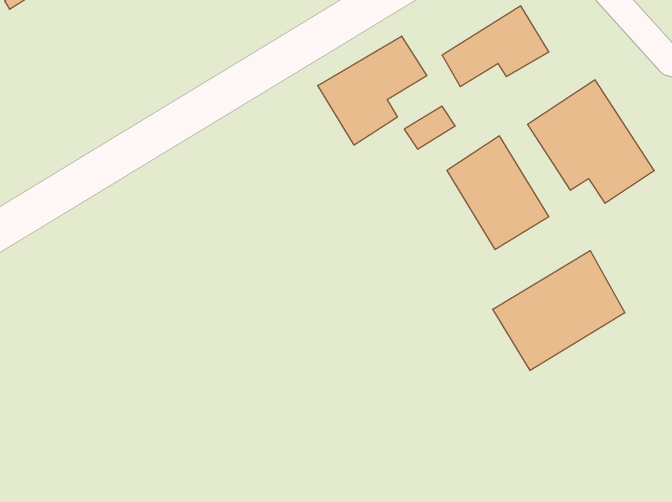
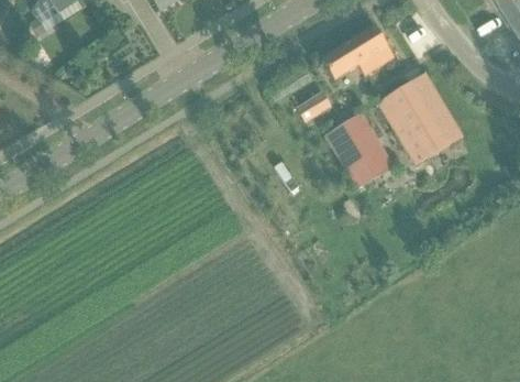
building: [318,36,427,145] -> none
building: [493,251,625,371] -> none

